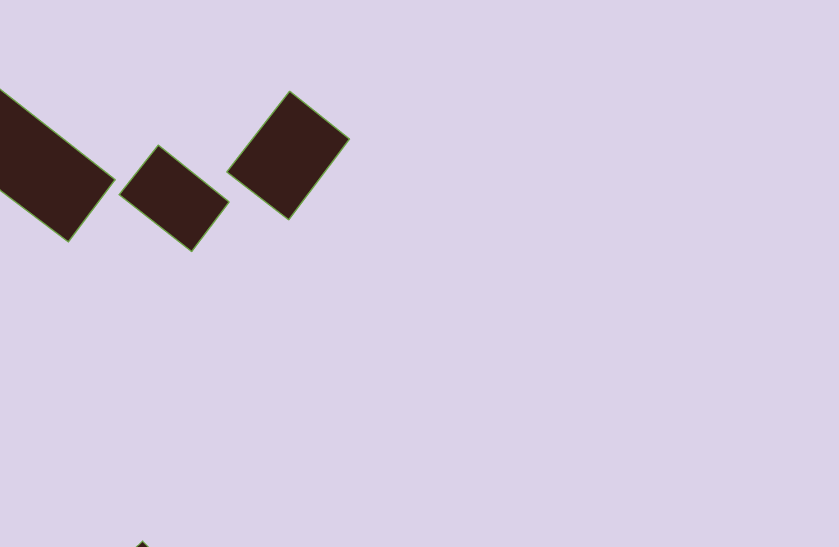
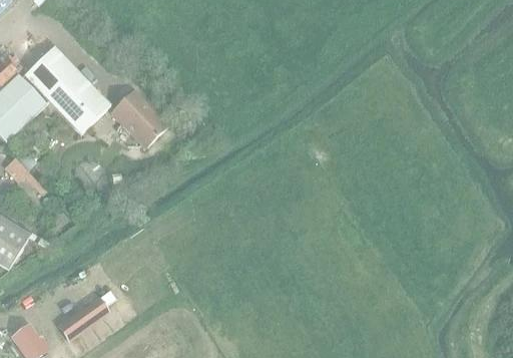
building: [227,91,349,220] -> none

